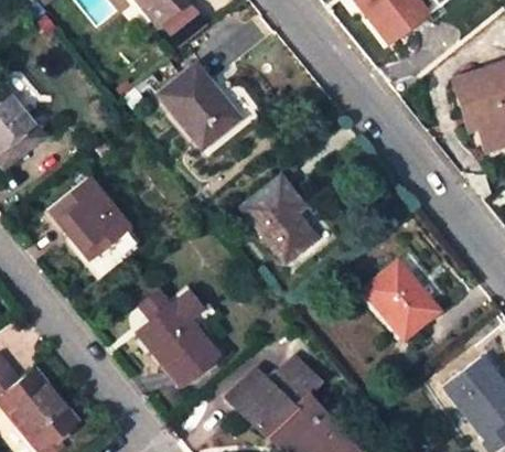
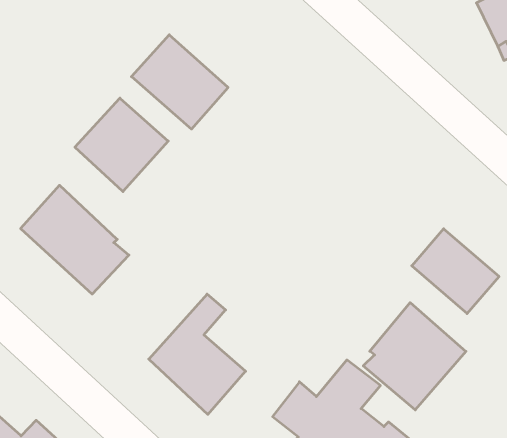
building: none -> [75,98,168,192]
building: [241,176,314,261] -> none
building: none -> [363,303,466,410]

